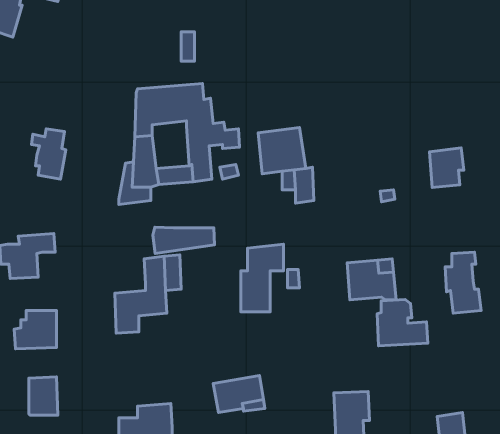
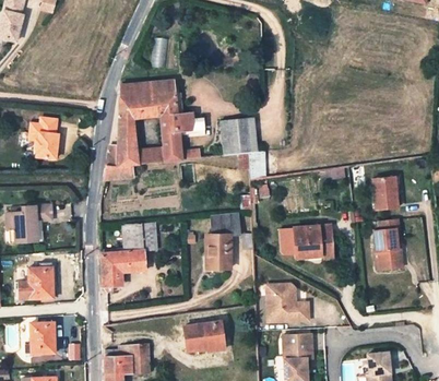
building: [429,148,464,187] -> [372,177,401,210]
building: [153,227,214,253] -> none
building: [377,299,428,346] -> [266,284,308,322]

